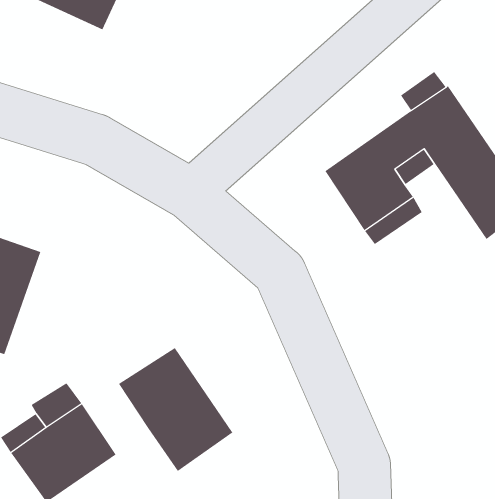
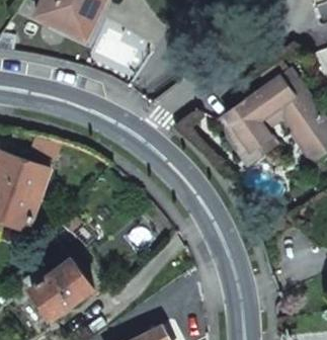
building: [118,347,233,472] -> none

